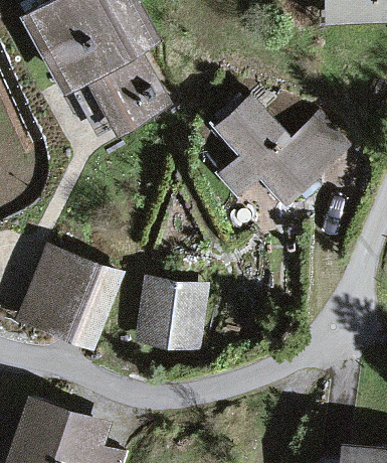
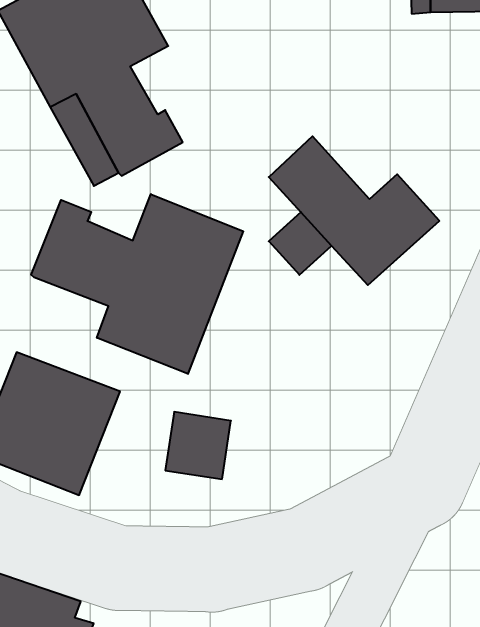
building: none -> [31,194,243,374]

